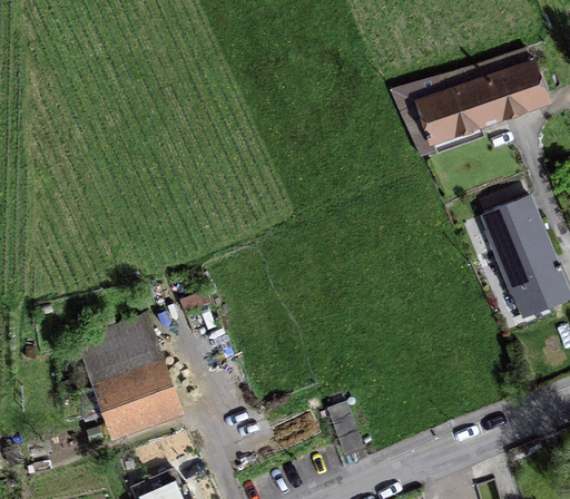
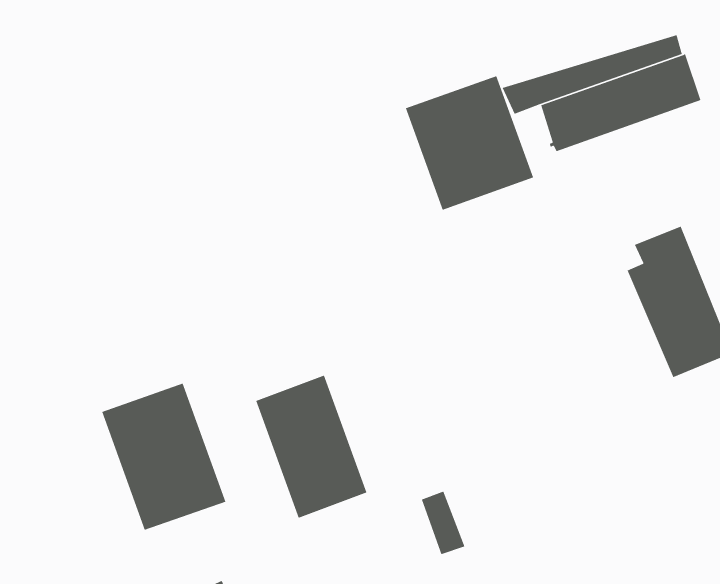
building: none -> [405,75,534,211]
building: none -> [255,375,367,519]

